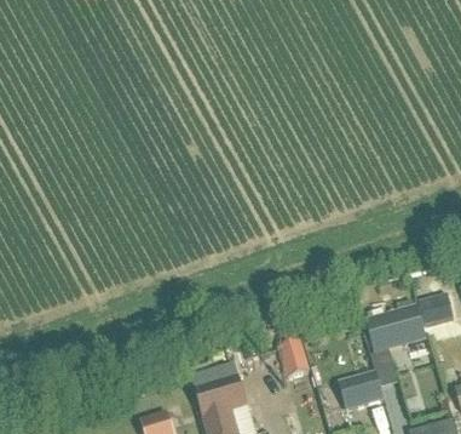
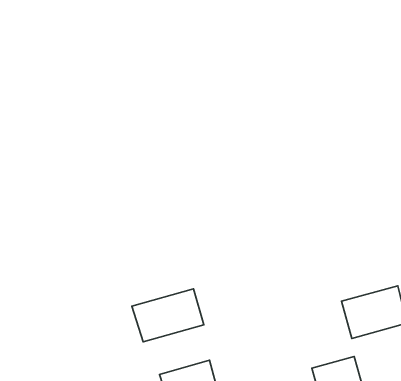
building: none -> [132,289,204,342]
building: [278,339,309,376] -> none

